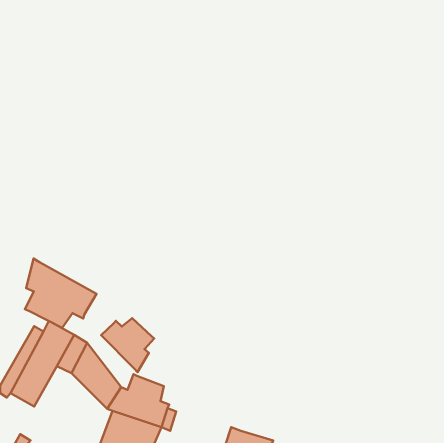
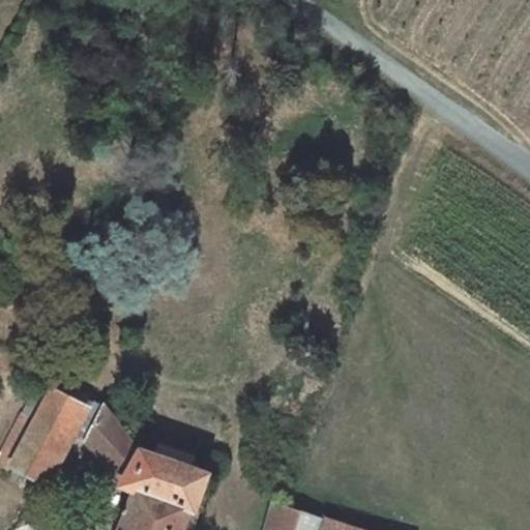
building: [25,259,97,328] -> none
building: [101,318,154,372] -> none

